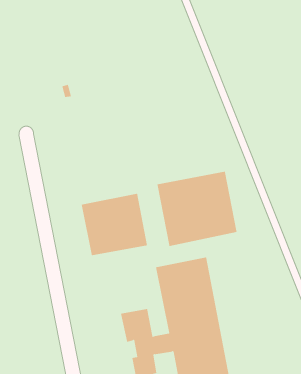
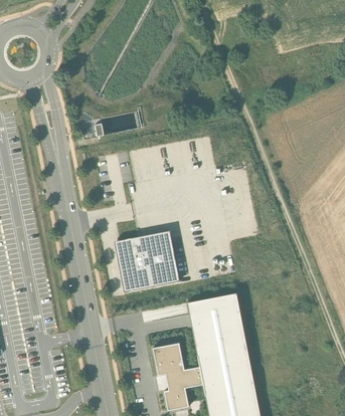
building: [157,171,237,247] -> none

